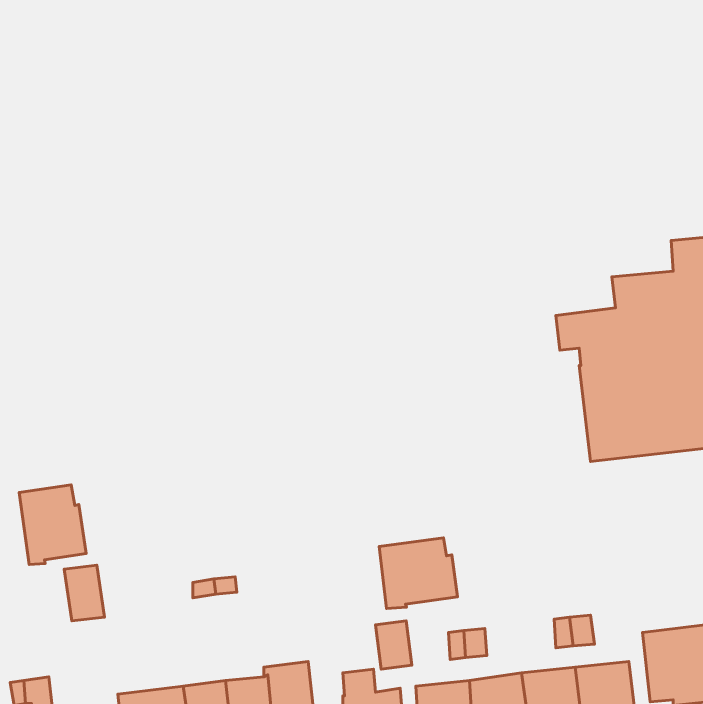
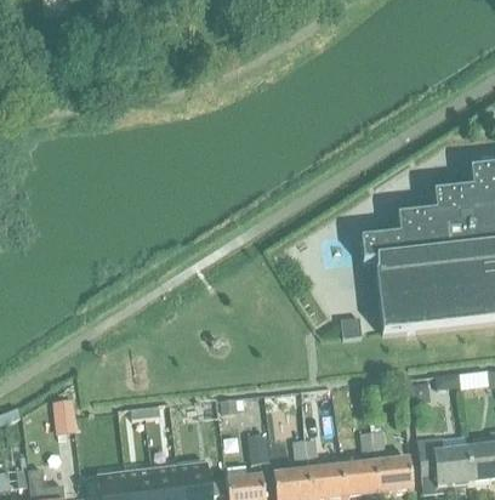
building: [19,485,86,564] -> none
building: [379,538,458,608] -> none

